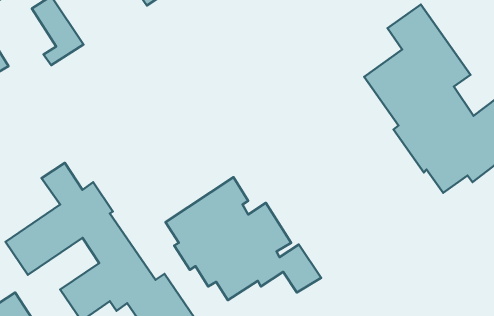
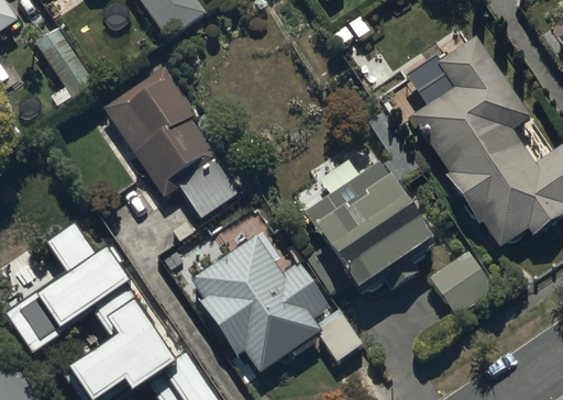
building: none -> [103,65,236,216]
building: none -> [303,160,434,296]
building: none -> [429,249,493,311]

